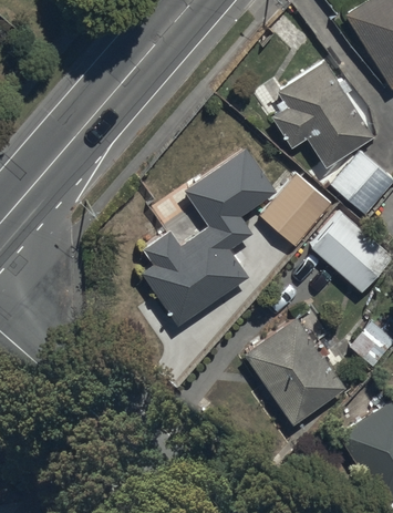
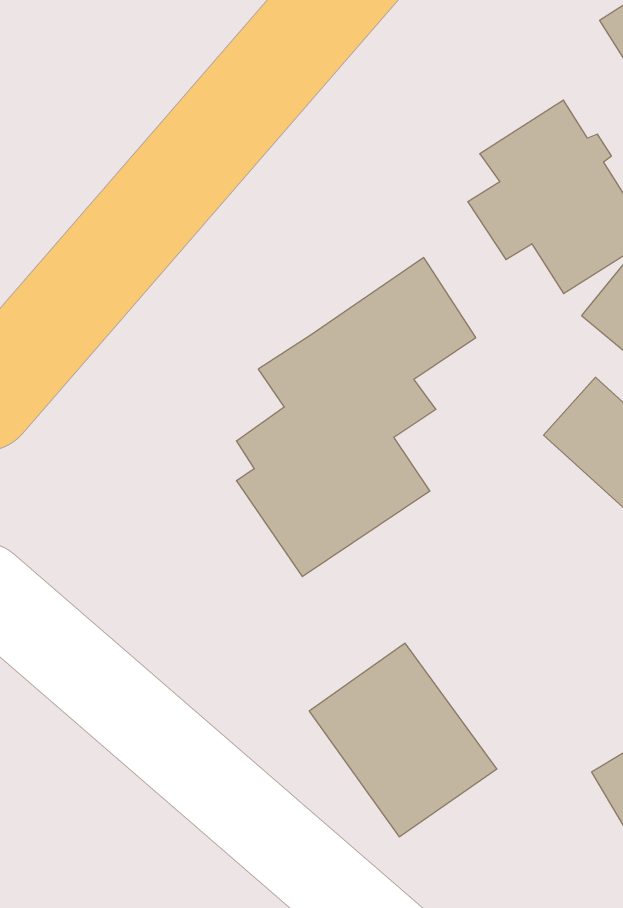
building: [259,175,332,249] -> none
building: [242,318,347,425] -> [309,643,497,837]

